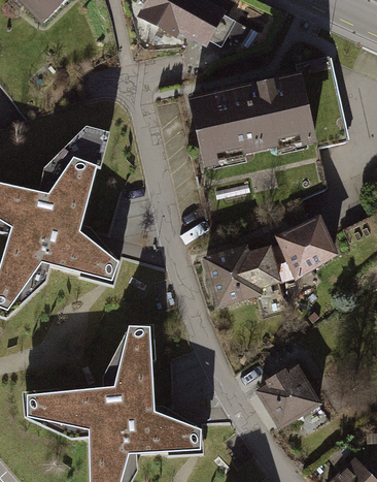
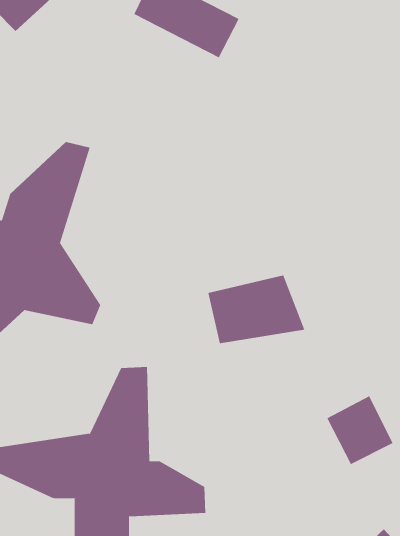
building: [193,84,311,167] -> none
building: [272,216,340,286] -> none
building: [259,364,316,424] -> [327,396,393,465]

